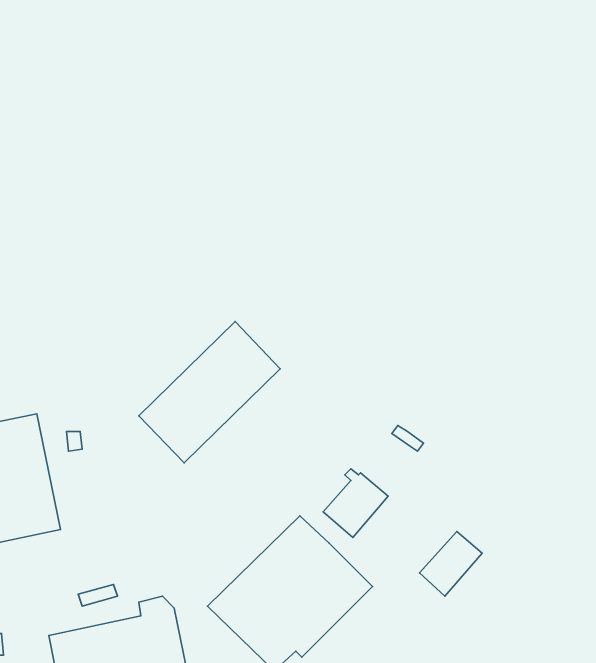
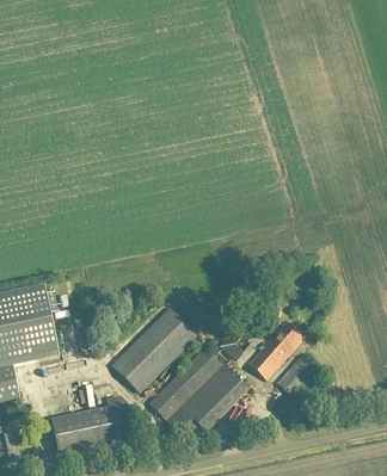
building: [139,322,280,463] -> [111,307,197,392]
building: none -> [247,320,303,379]

